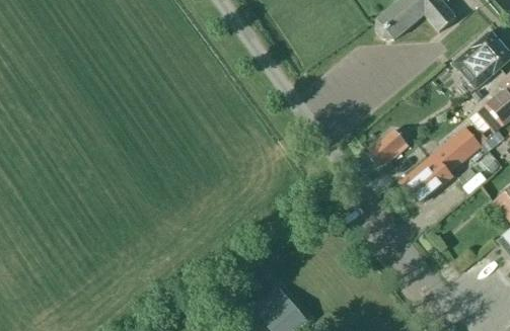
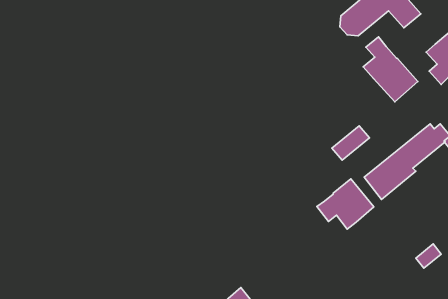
building: none -> [363,37,418,102]
building: none -> [317,179,374,229]

